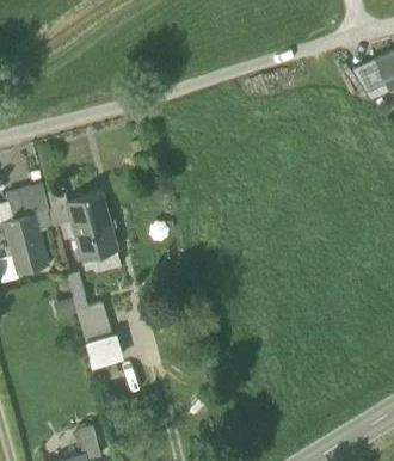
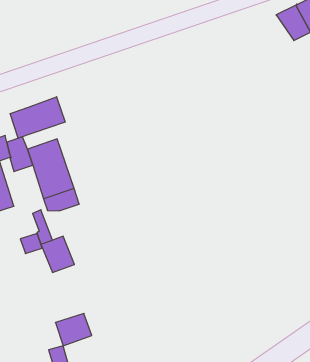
building: none -> [10,97,65,138]
building: [85,333,124,368] -> [55,313,92,346]

